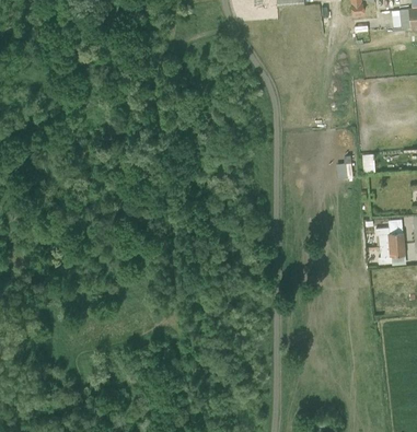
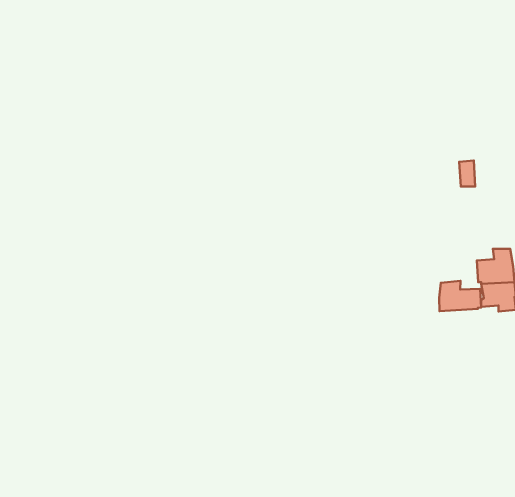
building: none -> [439,281,481,311]

